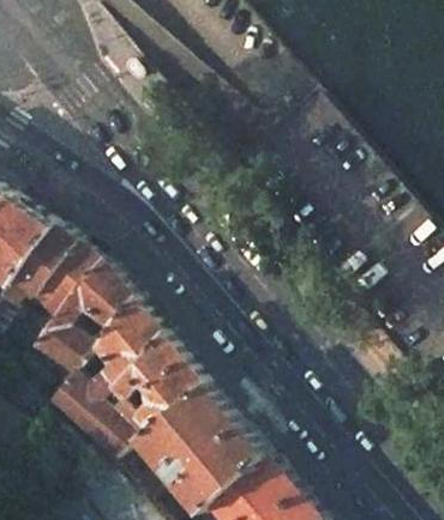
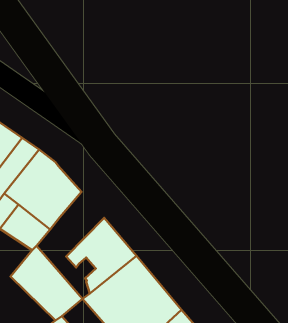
building: [74,301,164,400] -> none

